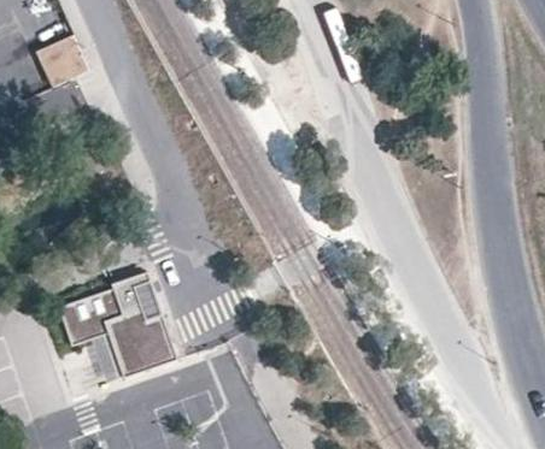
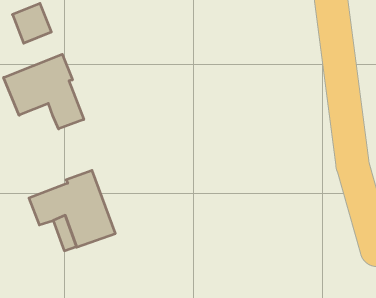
building: none -> [4,54,84,129]

